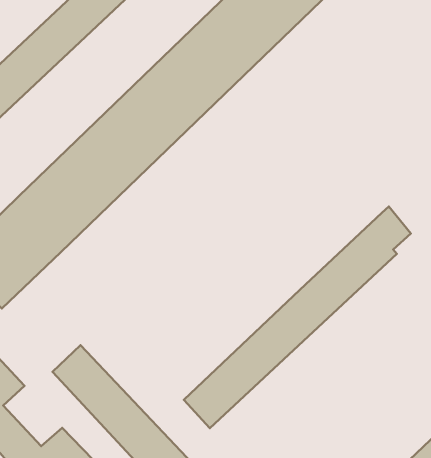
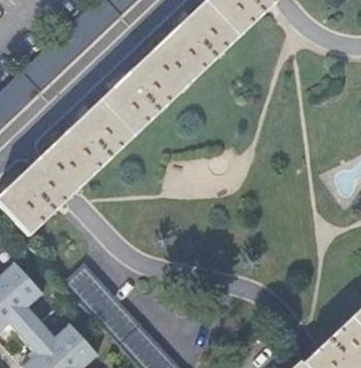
building: [184,207,411,428] -> none

